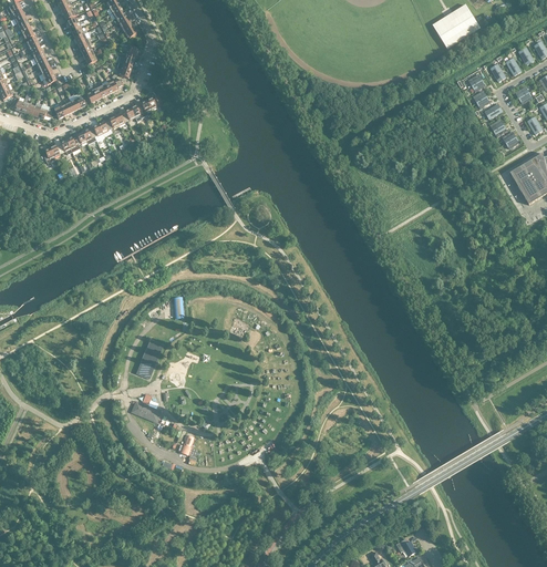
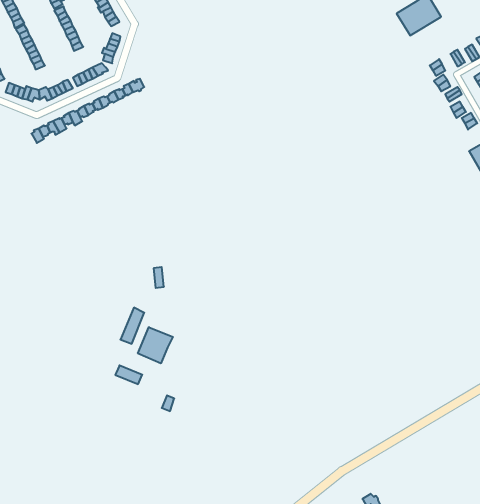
building: none -> [138,327,173,363]

